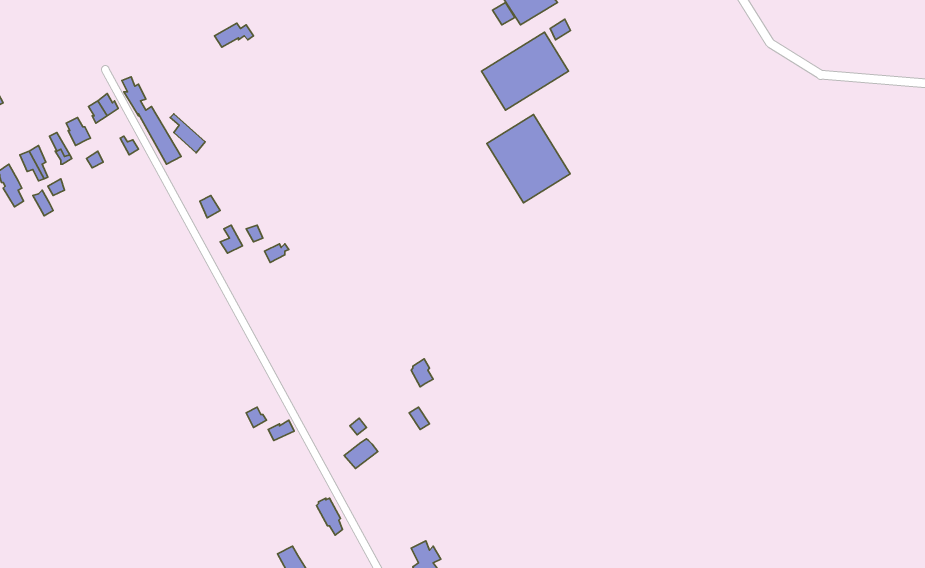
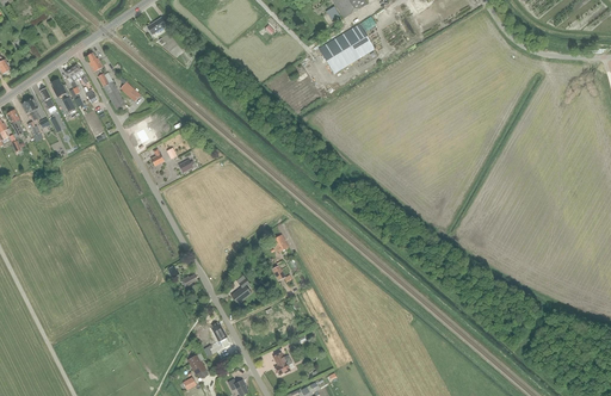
building: [487,115,570,203] -> none

